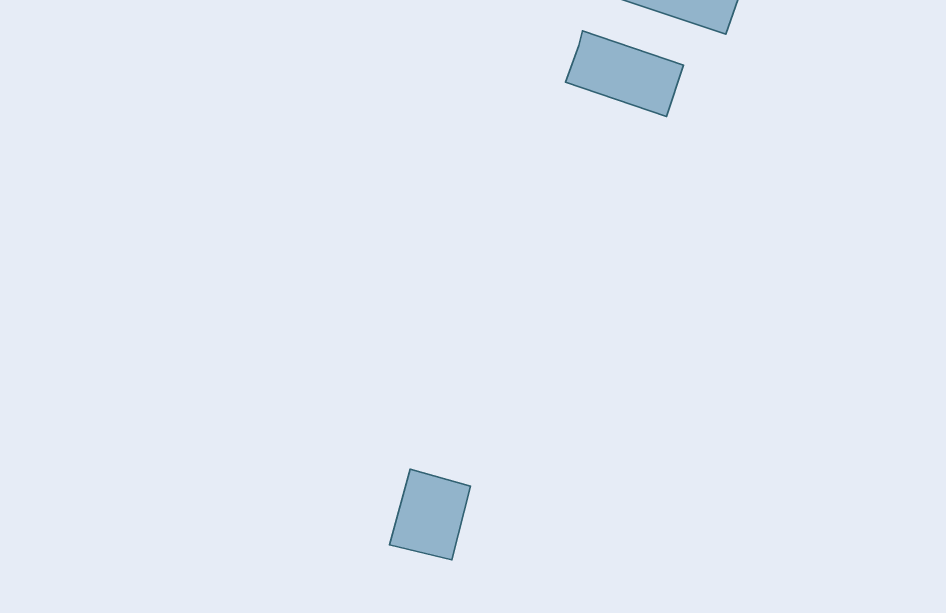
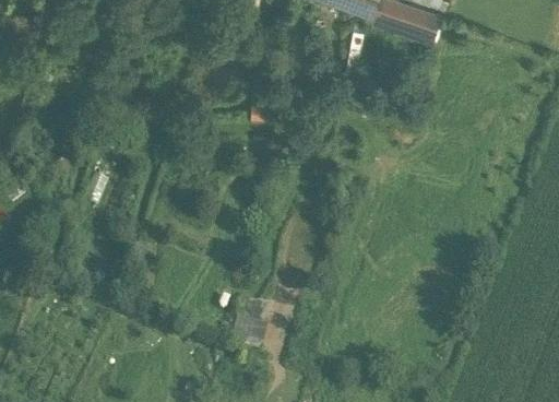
building: [565,31,683,116] -> none

